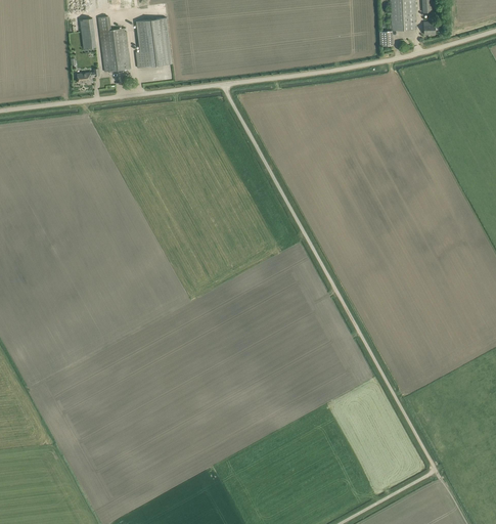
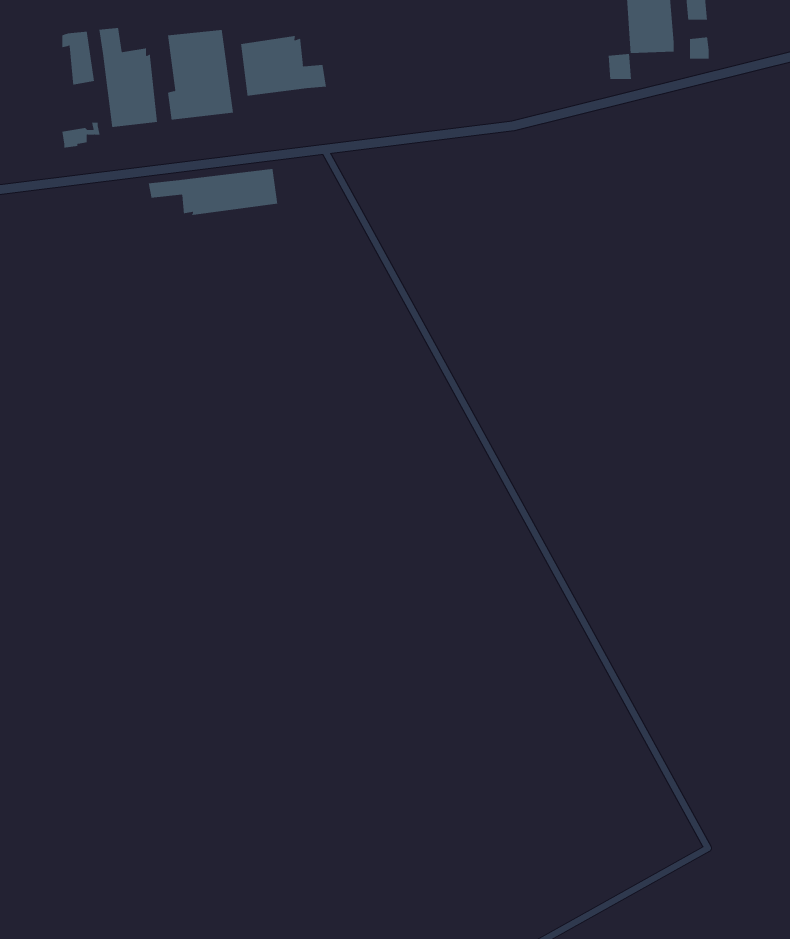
building: none -> [241,35,326,97]
building: none -> [148,168,278,216]

